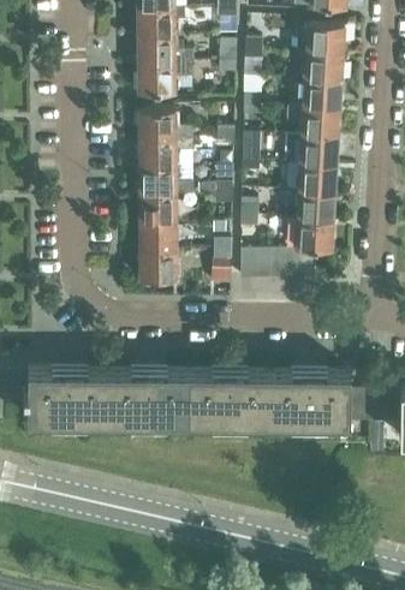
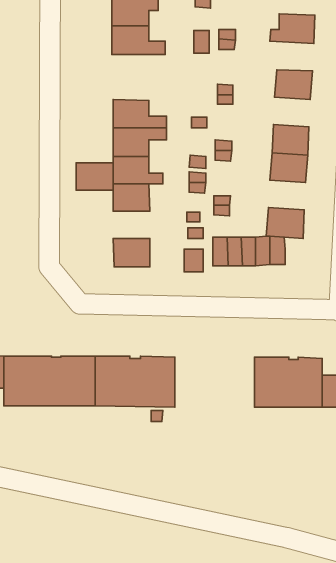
building: [298,52,343,82] -> none
building: [138,65,192,94] -> none
building: [288,107,339,138] -> none
building: [297,192,334,222] -> none
building: [139,224,177,251] -> [76,163,113,190]
building: [202,371,282,422] -> none

